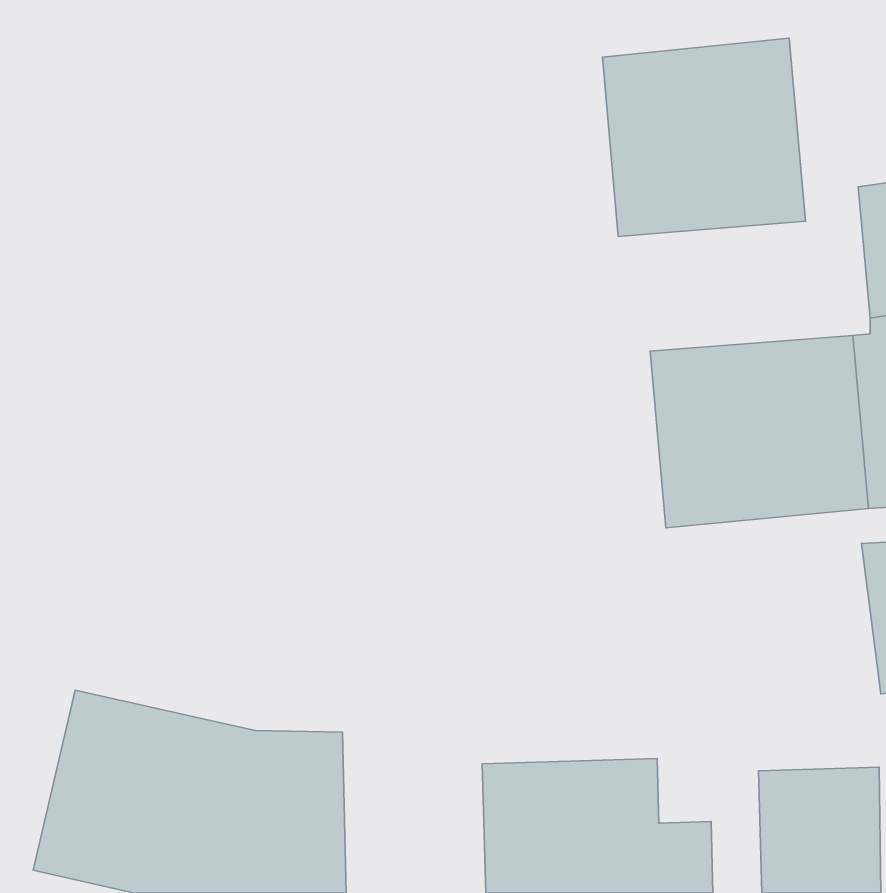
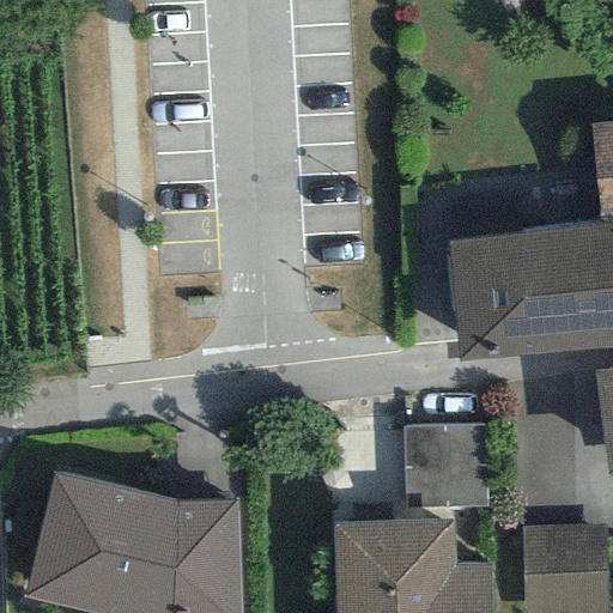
building: [603,38,805,237] -> none
building: none -> [405,425,491,509]

